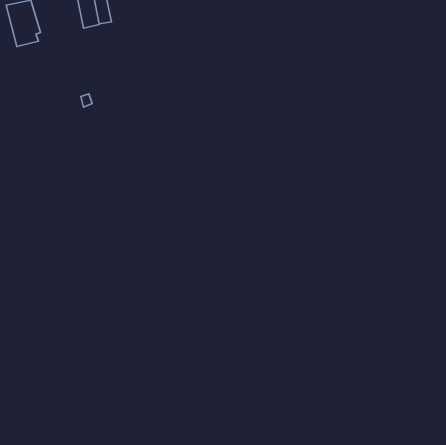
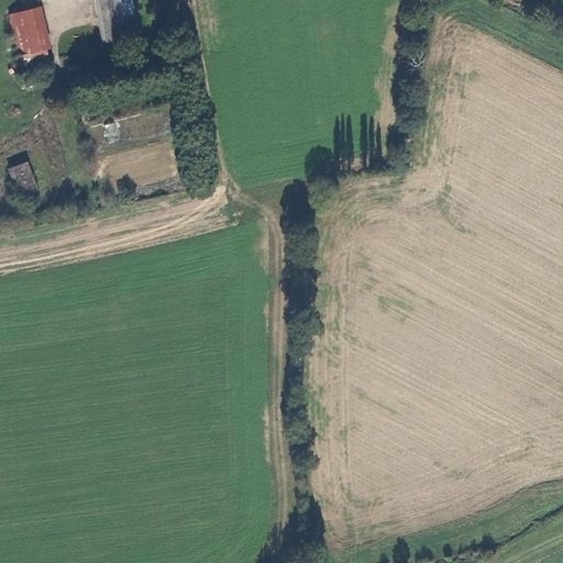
building: none -> [9,157,35,192]

